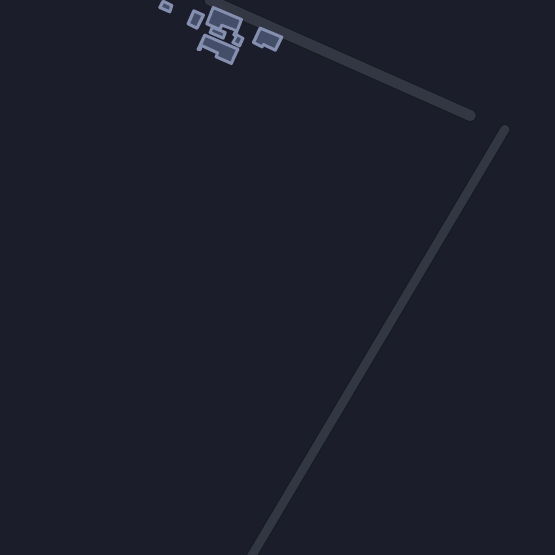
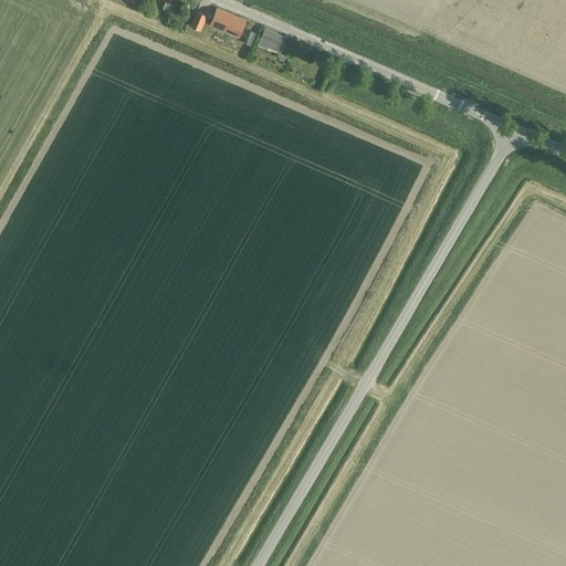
building: [198,35,238,63] -> none

